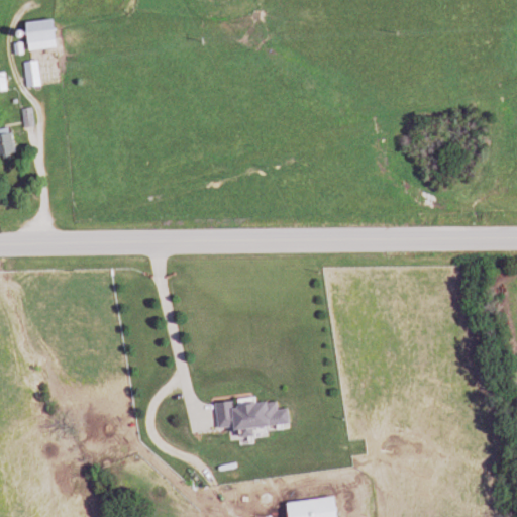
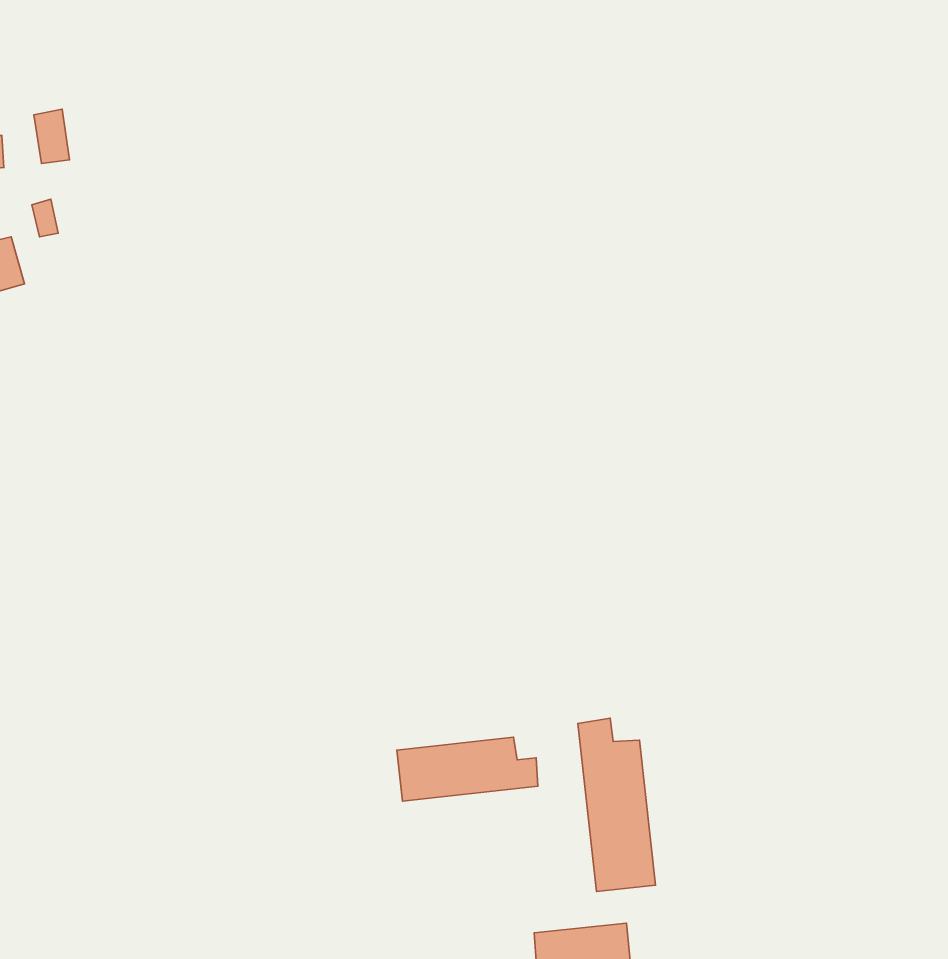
building: [28,22,58,49] -> none
building: none -> [578,718,656,892]

